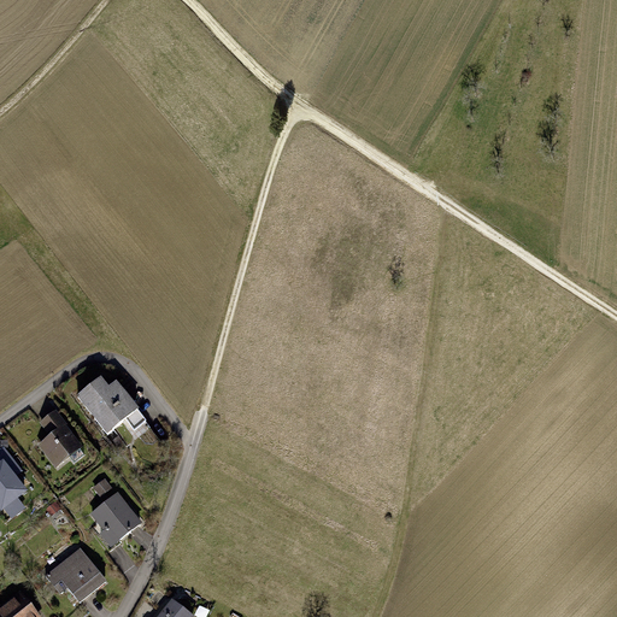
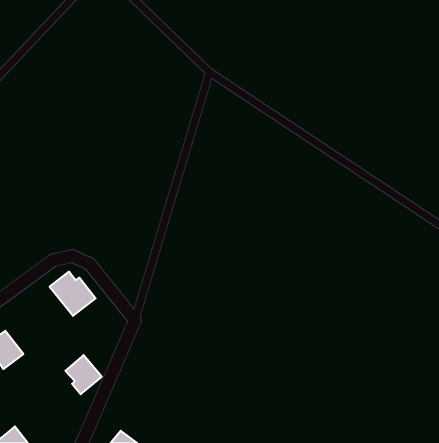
building: [39,410,83,468] -> none
building: [46,547,108,604] -> none

